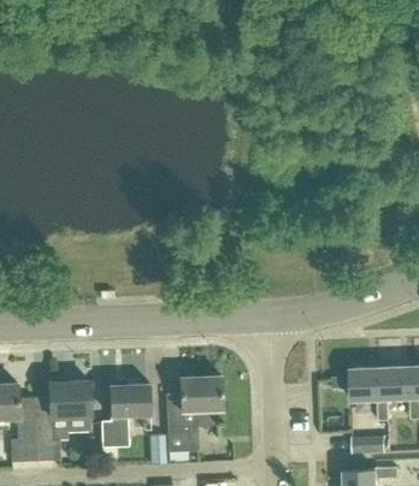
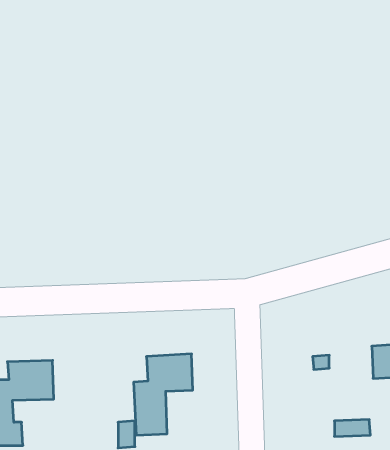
building: [350,368,390,421] -> none
building: [100,380,149,449] -> none

